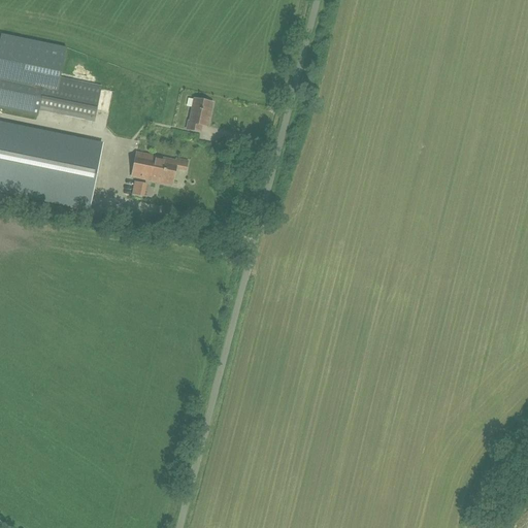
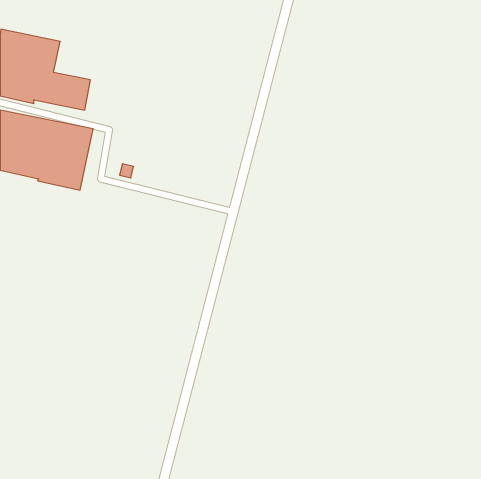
building: [186,97,212,129] -> none
building: [131,151,187,184] -> none

